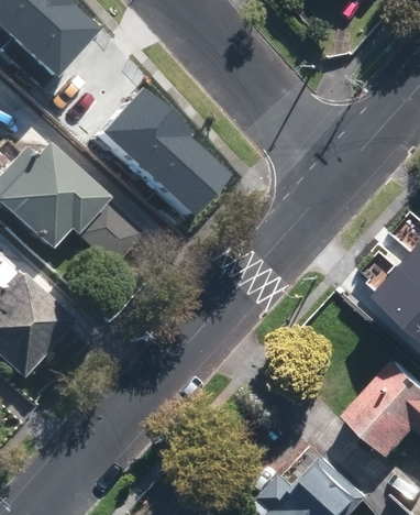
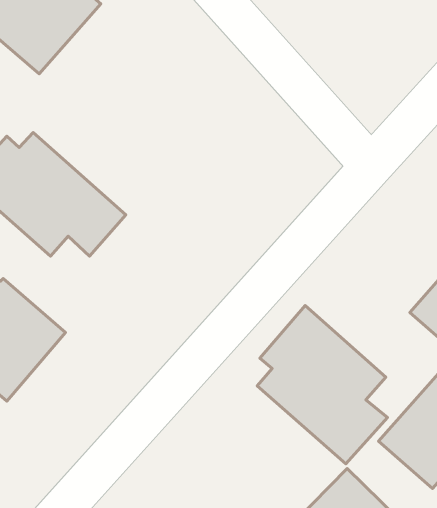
building: [103,87,232,217] -> none
building: none -> [257,306,387,464]

